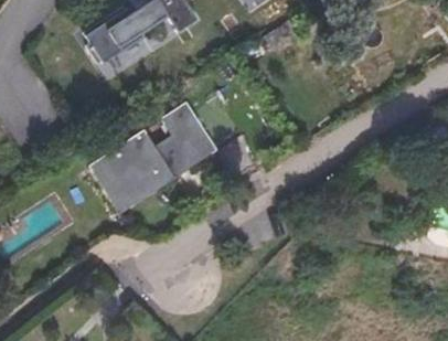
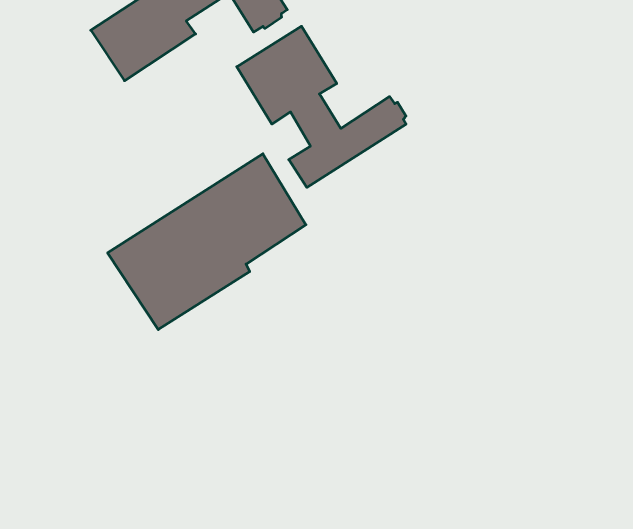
building: none -> [237,26,406,187]

